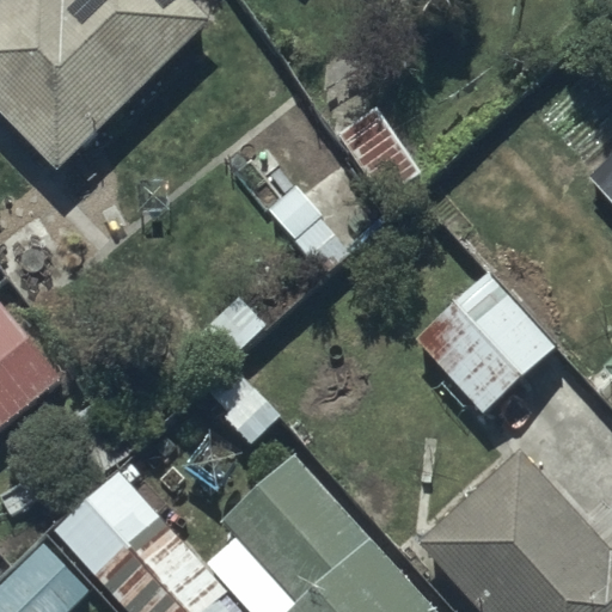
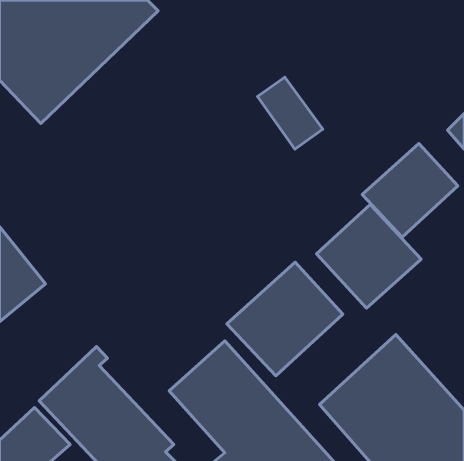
building: none -> [362,143,458,237]
building: none -> [227,262,343,376]

